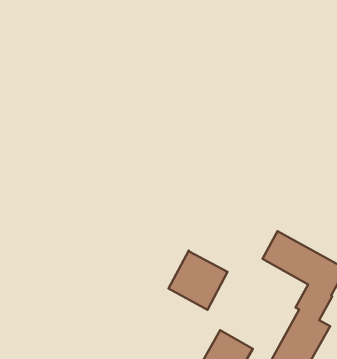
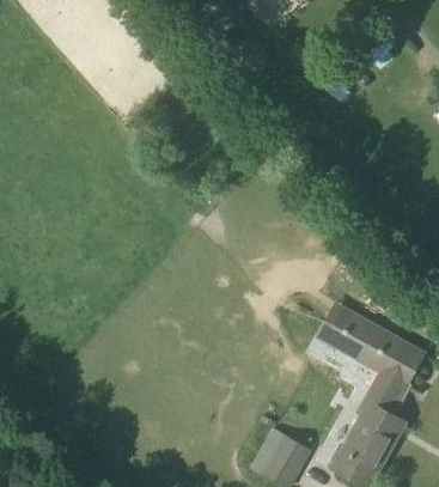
building: [168,250,228,310] -> none

